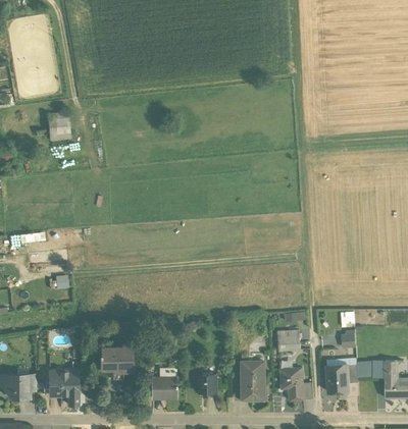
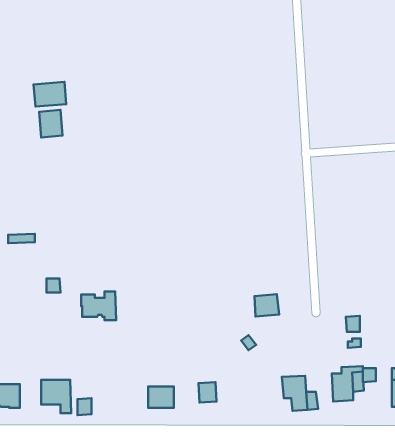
building: none -> [34,82,66,107]
building: [276,330,300,352] -> [255,294,279,317]
building: [99,344,133,372] -> [81,291,116,320]
building: [241,362,263,399] -> none

